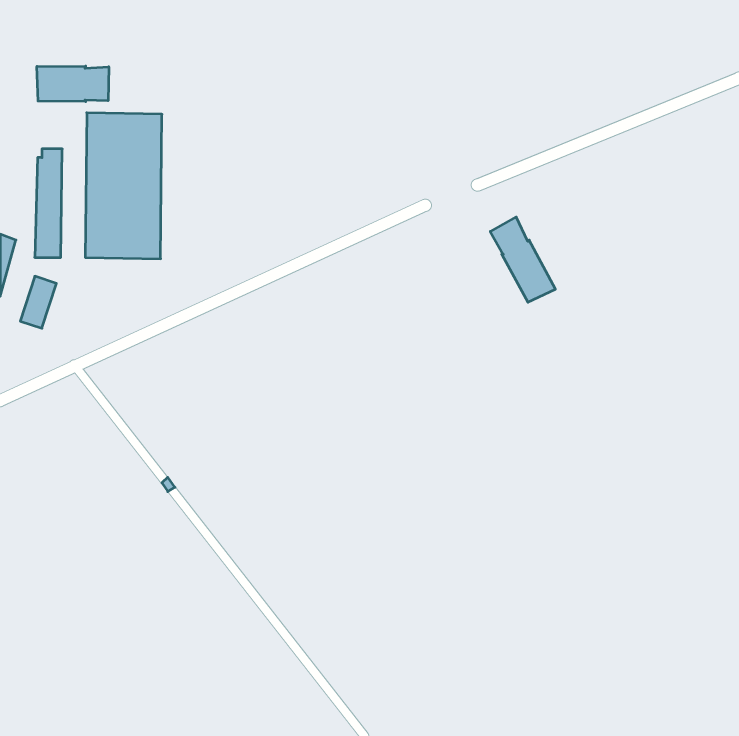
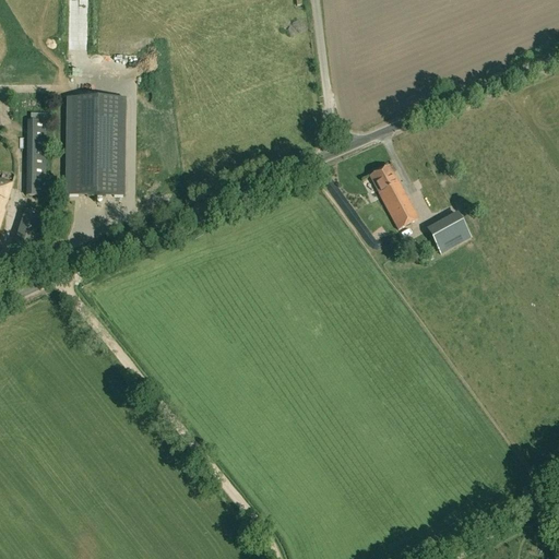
building: [37,66,109,102] -> none
building: none -> [427,212,472,254]

